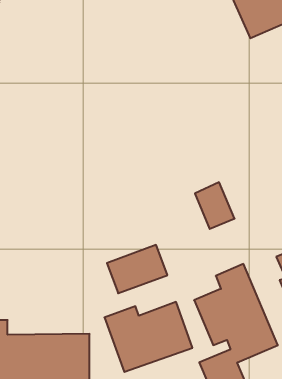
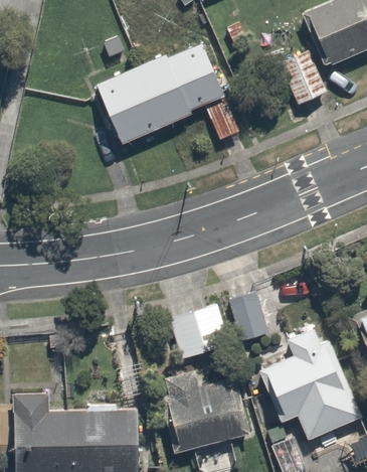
building: none -> [98,44,240,141]
building: none -> [280,51,326,105]
building: [195,182,235,229] -> [224,288,270,342]

